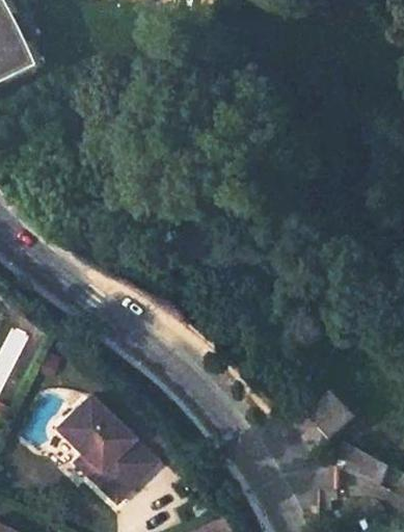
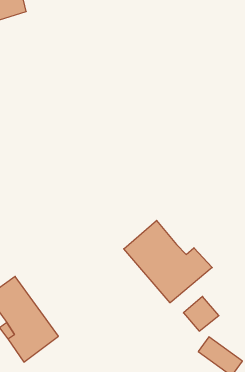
building: none -> [124,220,212,303]

